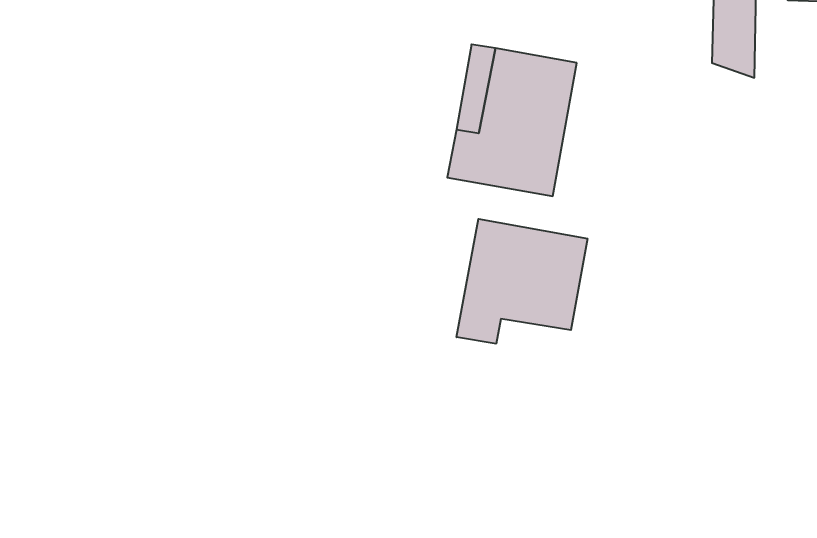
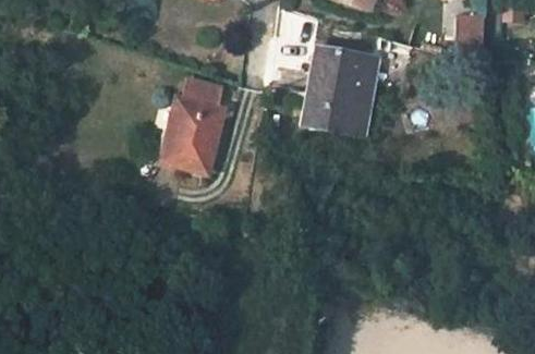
building: none -> [161,77,223,172]
building: [457,219,587,344] -> none

